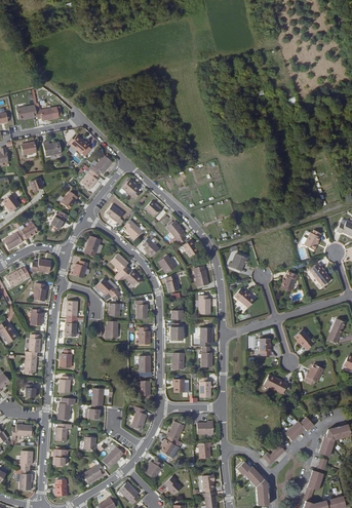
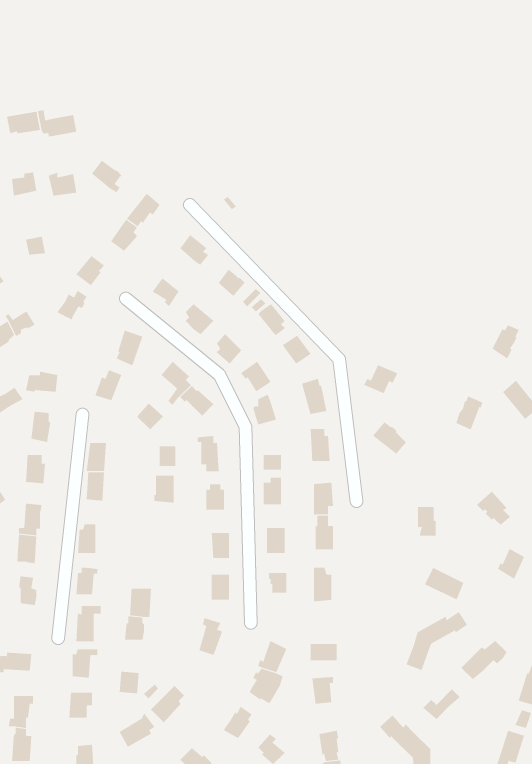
building: none -> [406,611,468,671]

